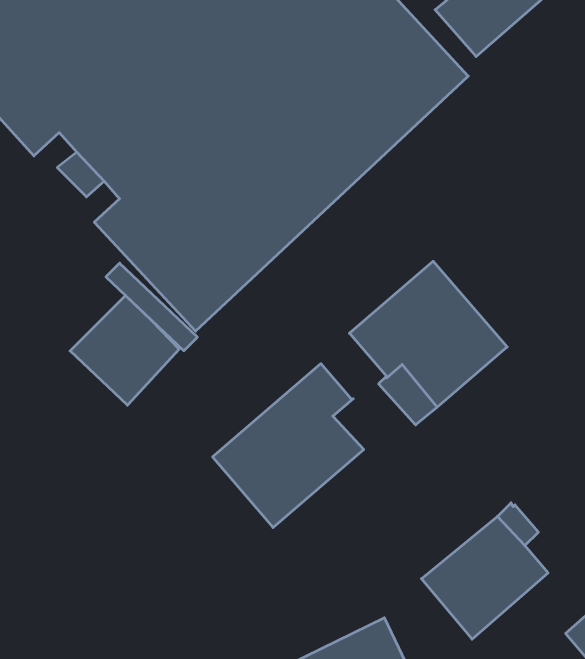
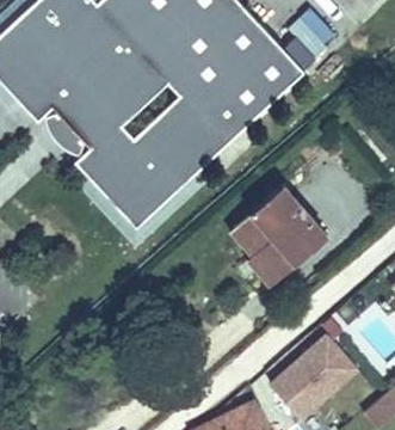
building: [70,295,179,405] -> none
building: [213,364,364,528] -> none

